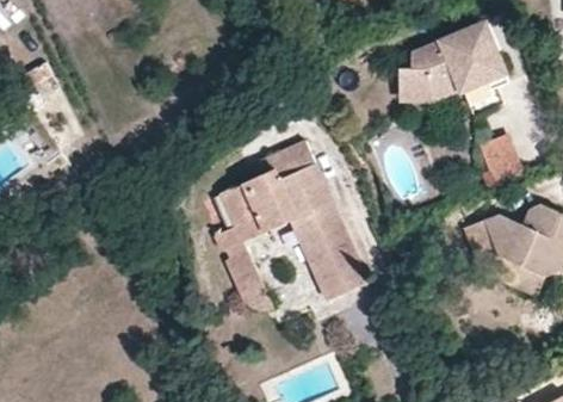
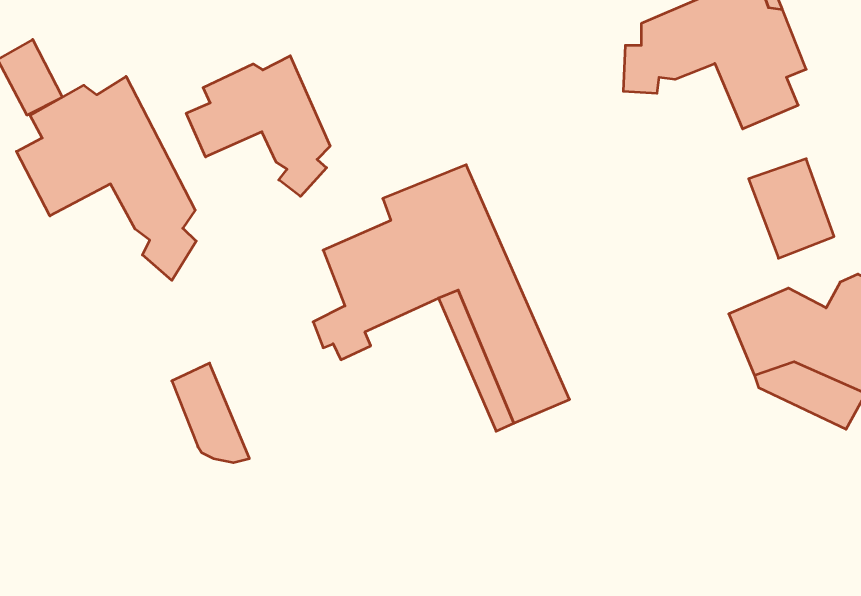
building: none -> [186,56,330,196]
building: none -> [16,76,196,280]
building: [225,247,272,307] -> [172,363,249,463]

